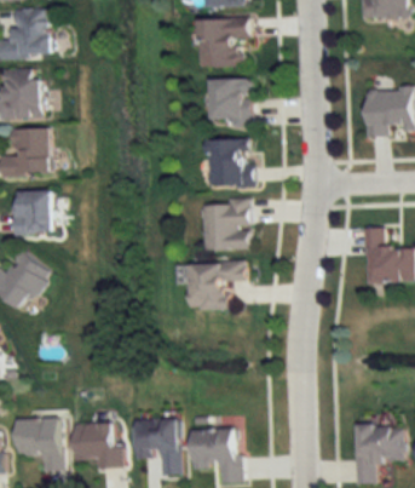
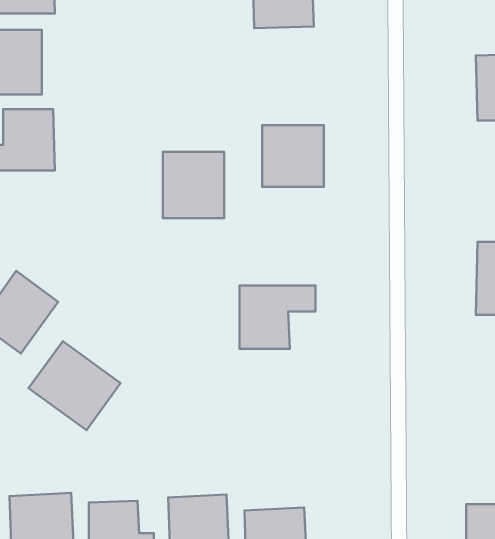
building: [208,79,252,125] -> none
building: [13,190,50,232] -> none
building: [201,200,247,249] -> [163,152,224,218]
building: none -> [29,341,121,430]

